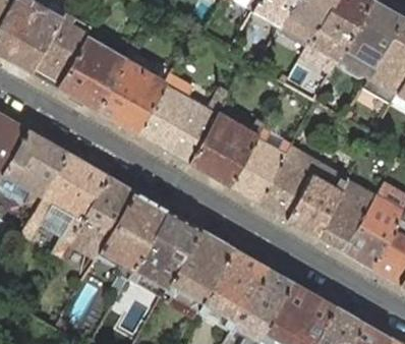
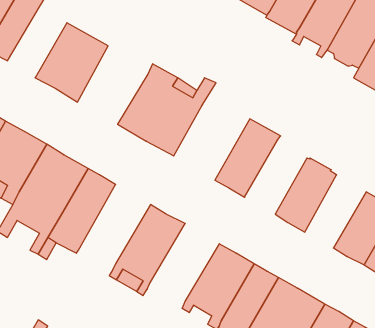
building: [30,19,86,88] -> none
building: [97,33,165,132] -> none
building: [189,114,266,186] -> none
building: [257,148,317,219] -> none
building: [315,181,374,251] -> none
building: [98,190,167,294] -> none
building: [164,228,233,317] -> none

